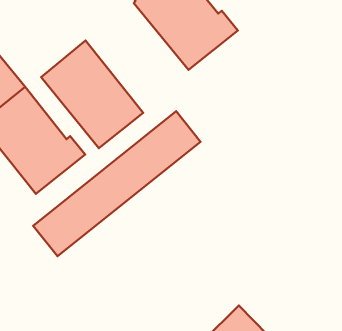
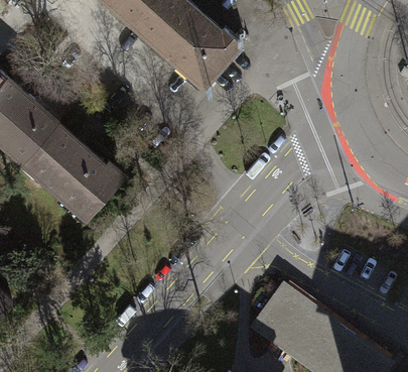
building: [41,40,143,148] -> none
building: [33,111,201,256] -> none

